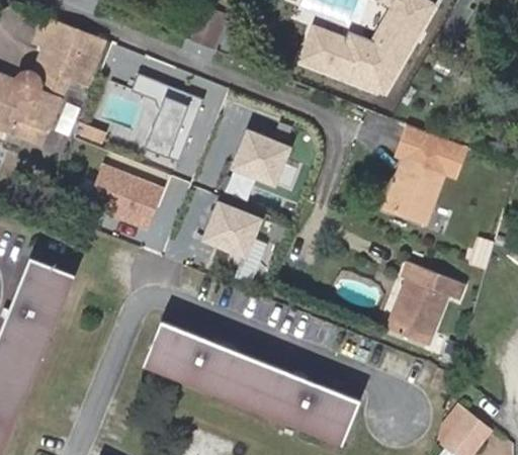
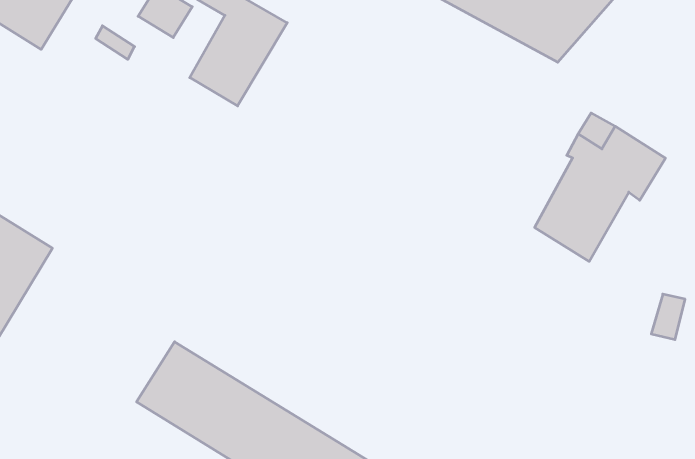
building: [233,126,294,187] -> none
building: [84,163,162,230] -> none
building: [202,198,265,260] -> none
building: [386,262,462,344] -> none

